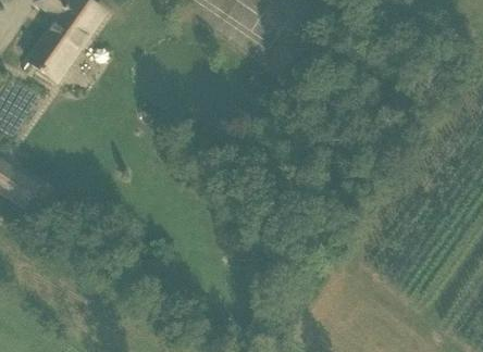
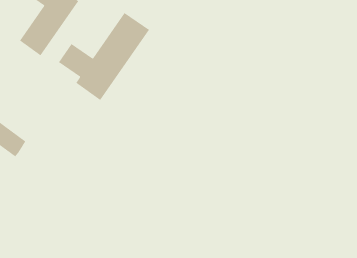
building: none -> [58,12,150,101]

